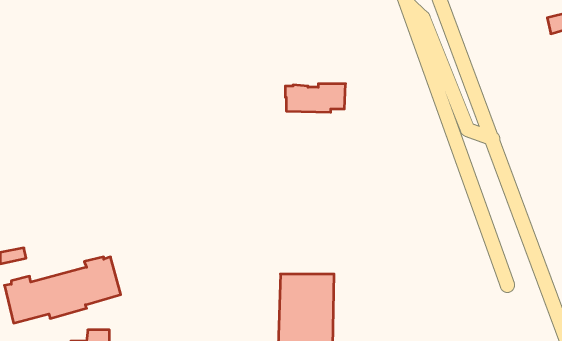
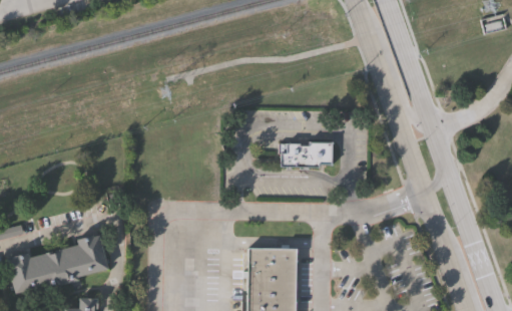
building: [285,84,346,112] -> [281,140,334,166]

